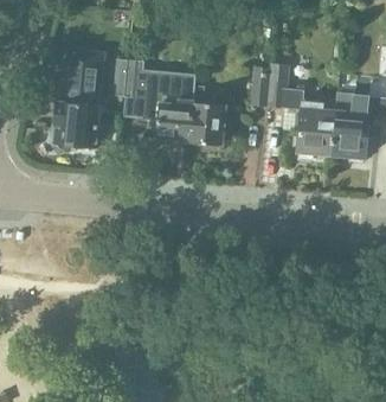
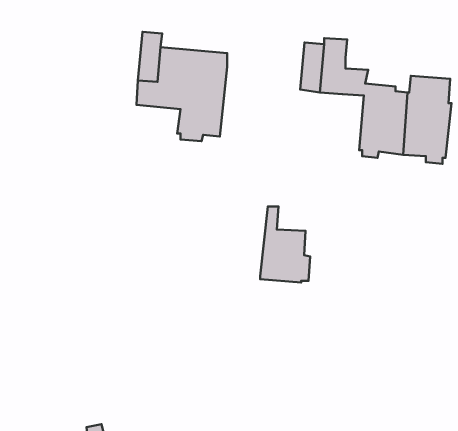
building: [49,50,103,147] -> none
building: [187,85,226,145] -> [260,207,310,282]

